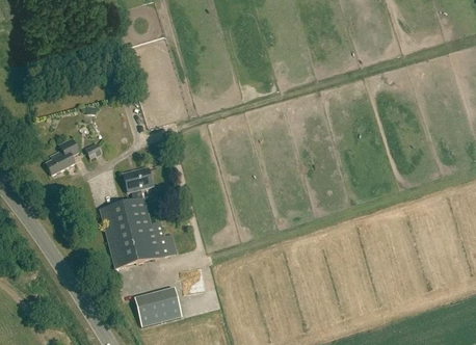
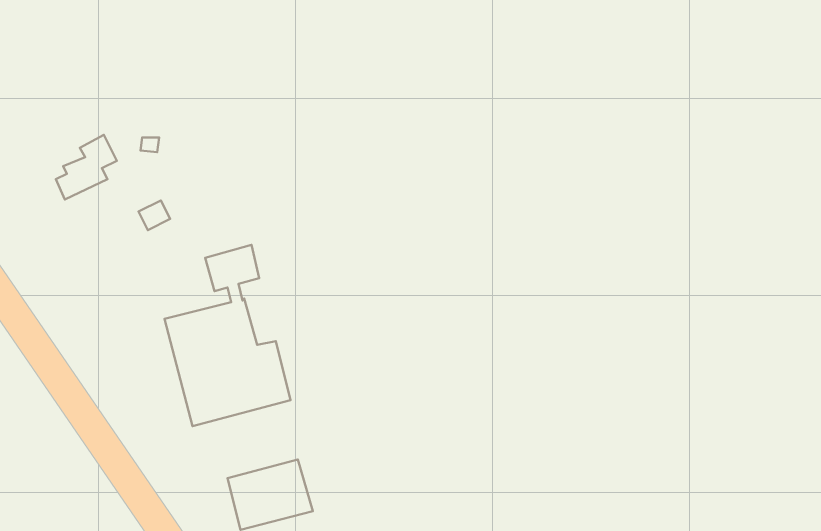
building: [46,137,80,174] -> [56,135,117,200]

